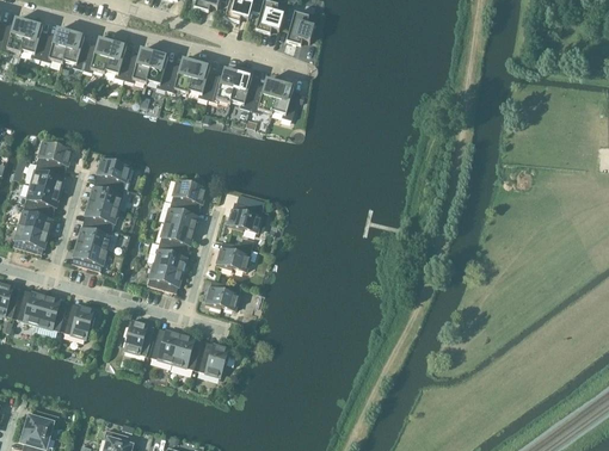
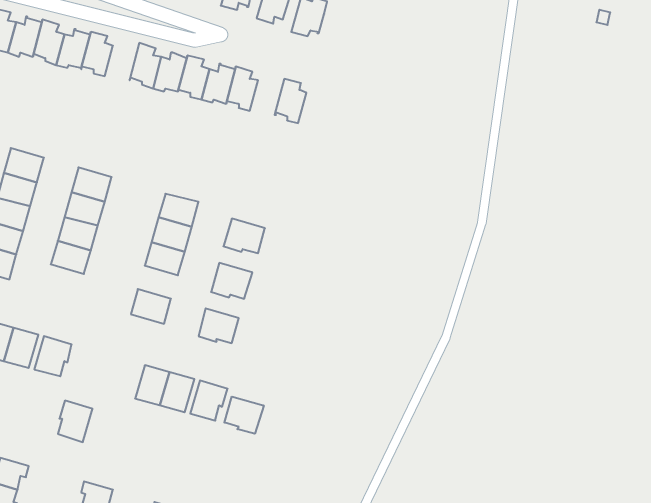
building: [124,48,154,82] -> none
building: [250,79,279,112] -> none
building: [72,241,106,271] -> none
building: [153,242,187,271] -> none
building: [124,320,154,356] -> [58,401,93,442]
building: none -> [224,397,264,434]

